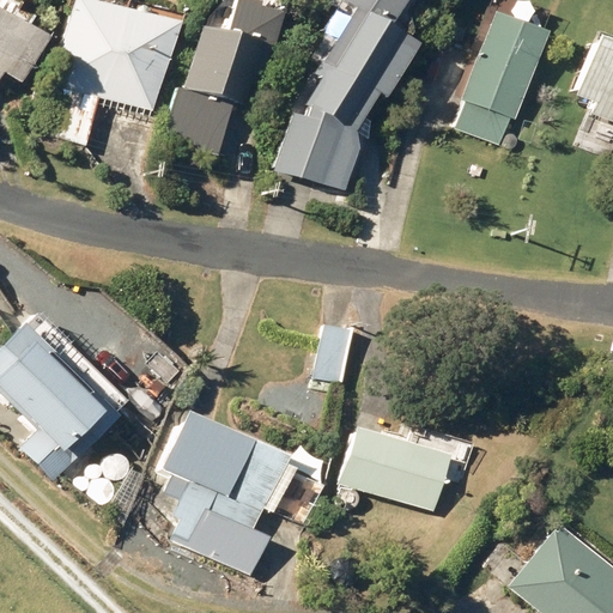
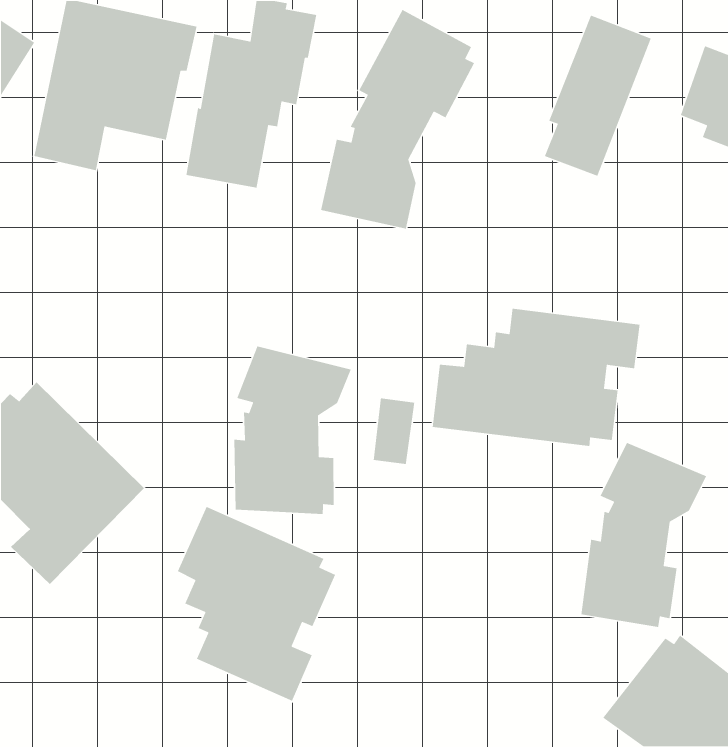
building: none -> [432,308,641,447]
building: none -> [233,345,352,515]
building: none -> [580,442,707,628]
building: [339,427,455,510] -> none

